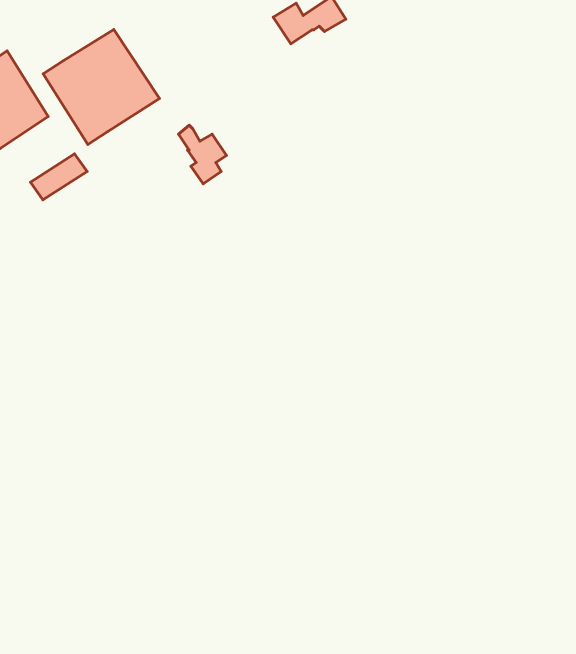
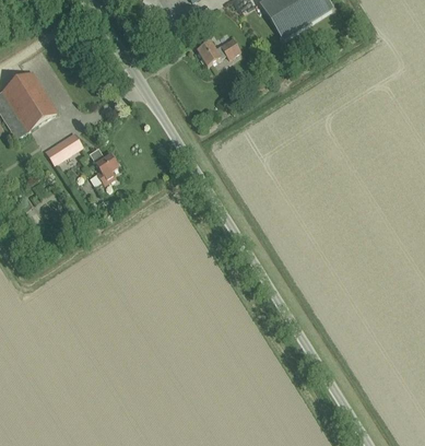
building: [43,29,160,144] -> none
building: [179,125,226,184] -> [88,148,118,184]

